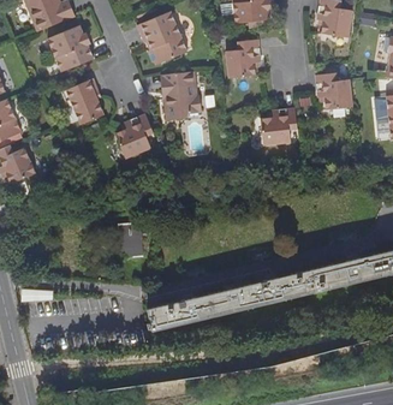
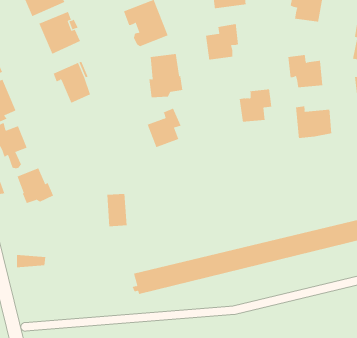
building: [117,114,154,157] -> [147,108,181,148]
building: none -> [296,105,332,139]
building: none -> [17,167,54,204]

